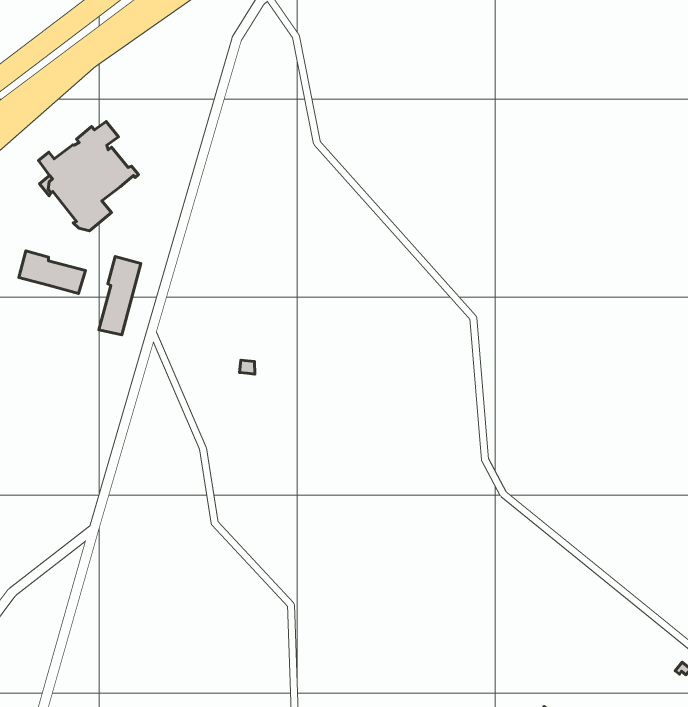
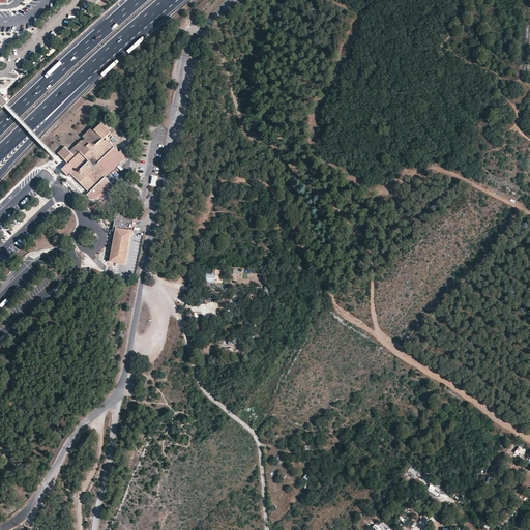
building: [19,251,85,294] -> none

